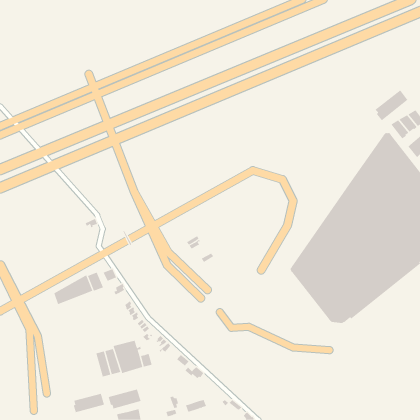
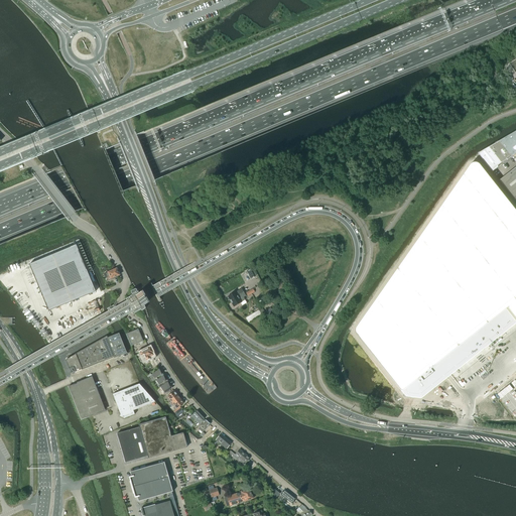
building: [375,89,408,121] -> none
building: none -> [29,244,97,310]
building: none -> [70,377,106,418]
building: none -> [114,383,156,417]
building: [73,393,105,413] -> [130,462,169,486]

